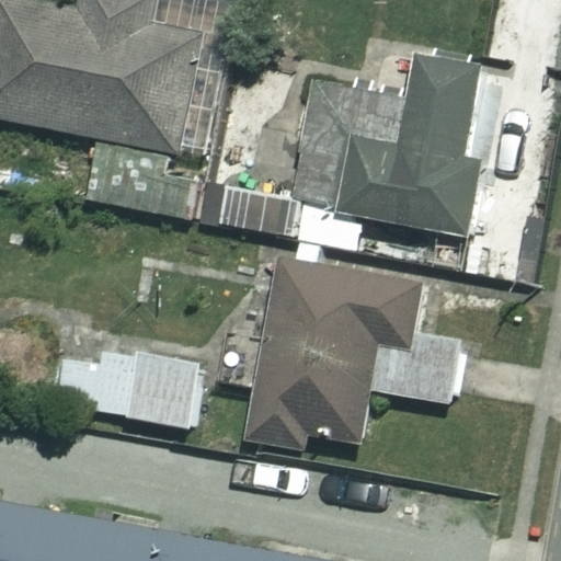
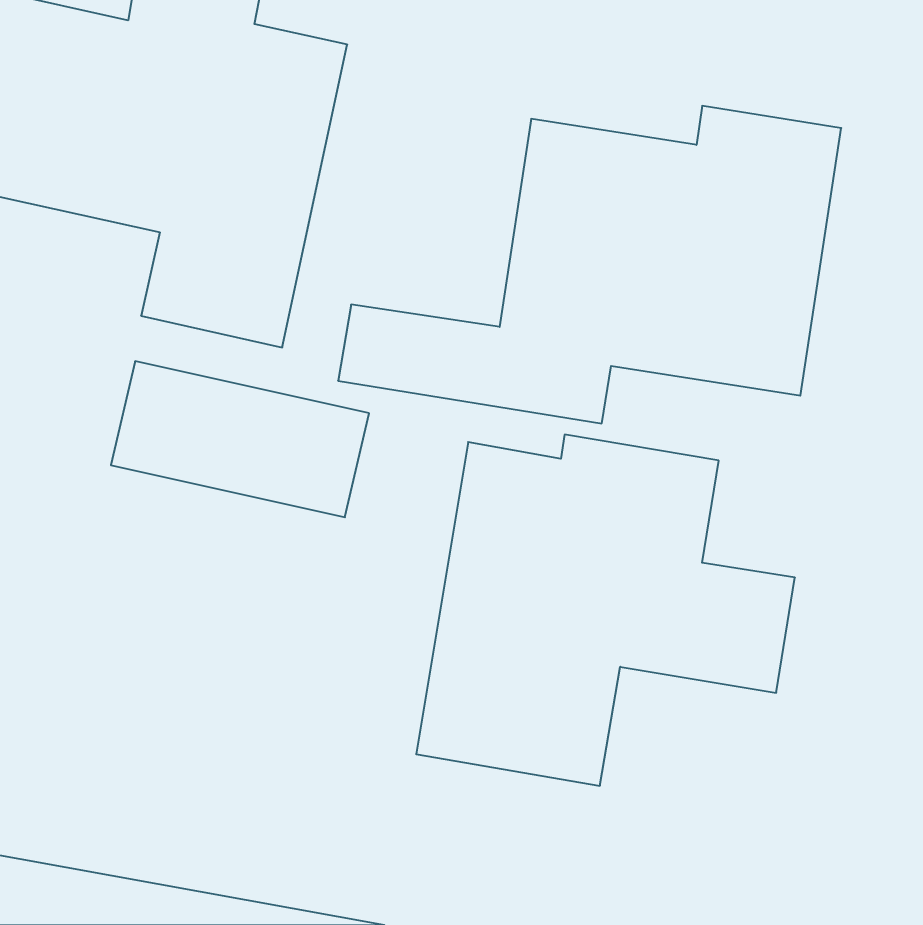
building: [50,336,203,428] -> [111,361,369,517]

